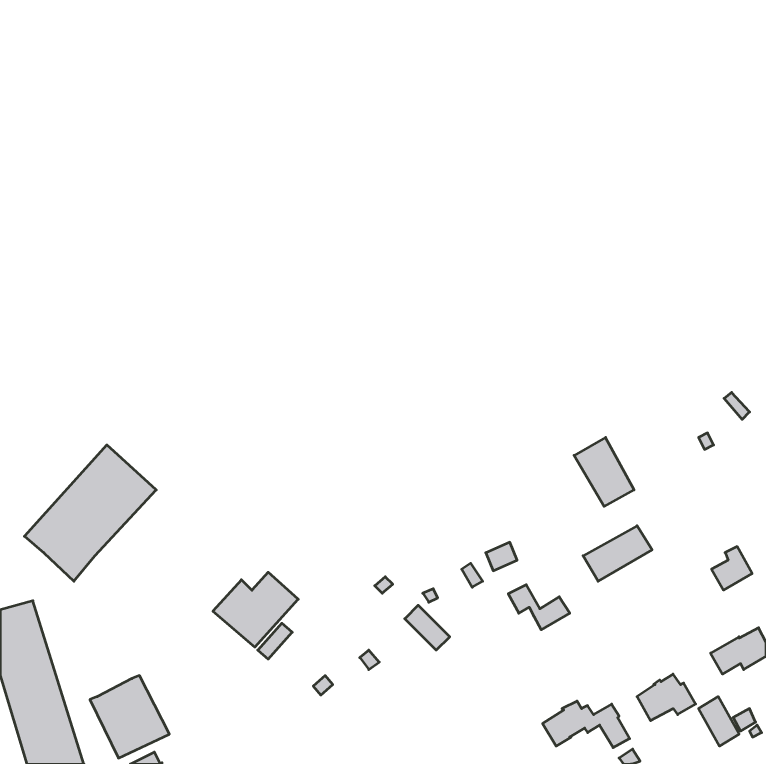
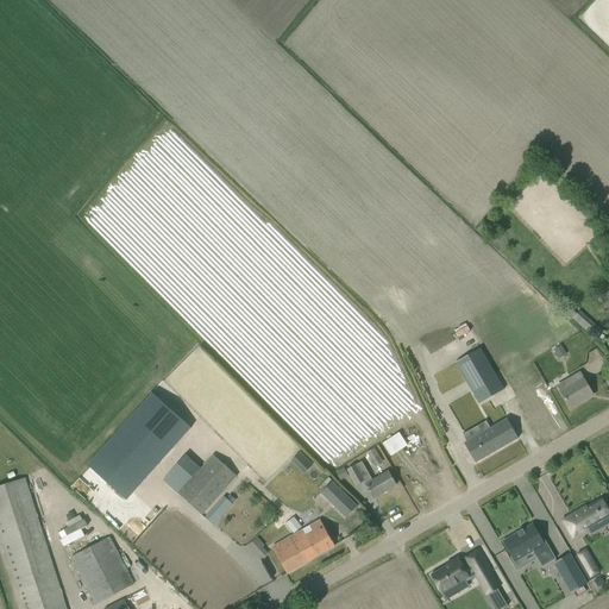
building: [24,445,156,581] -> [87,391,192,500]
building: [712,547,752,590] -> [560,372,592,407]
building: [508,585,570,630] -> [347,462,396,497]
building: none -> [272,519,334,572]

